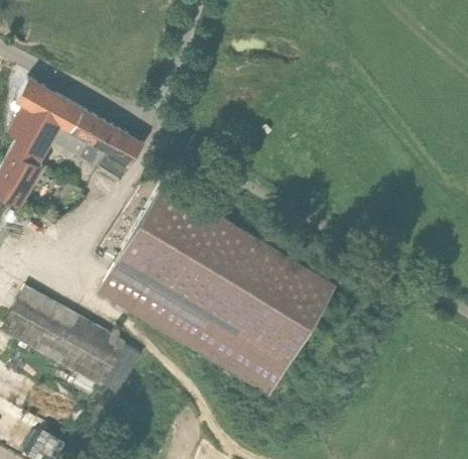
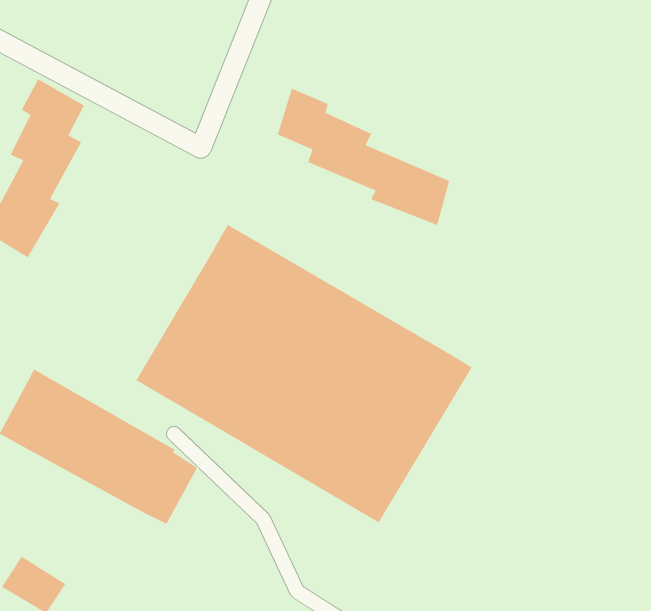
building: none -> [277,88,450,226]
building: [37,97,143,181] -> none

